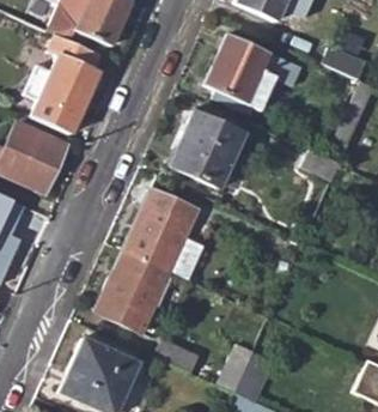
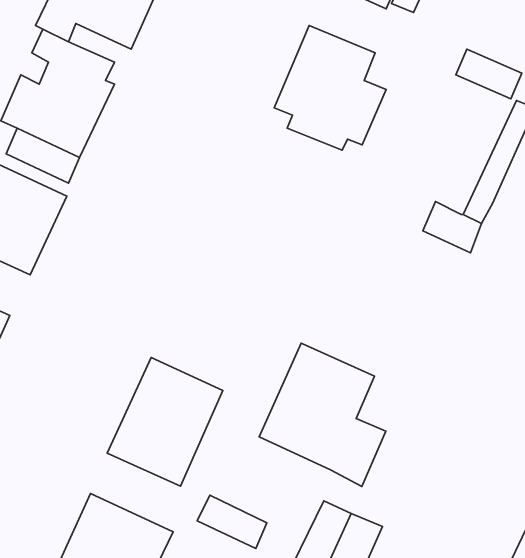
building: [167,110,243,188] -> none
building: [123,188,206,281] -> [259,343,386,486]

